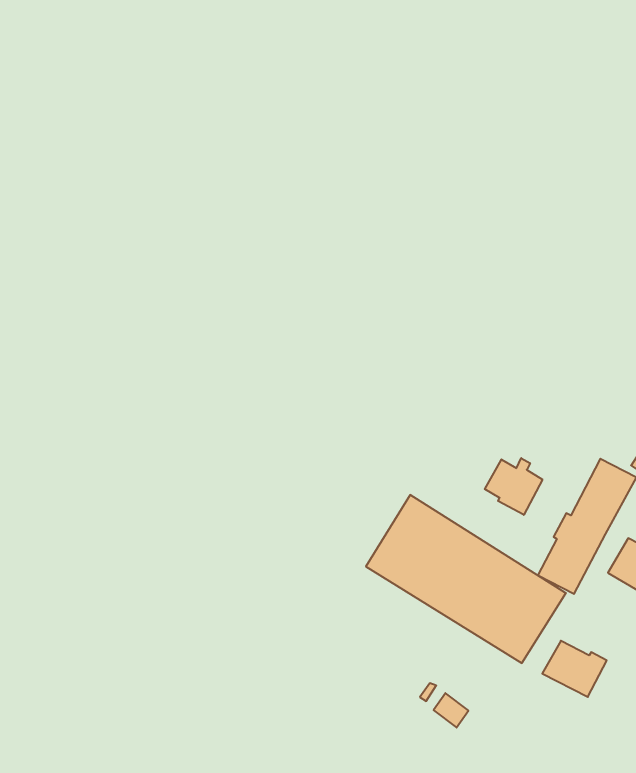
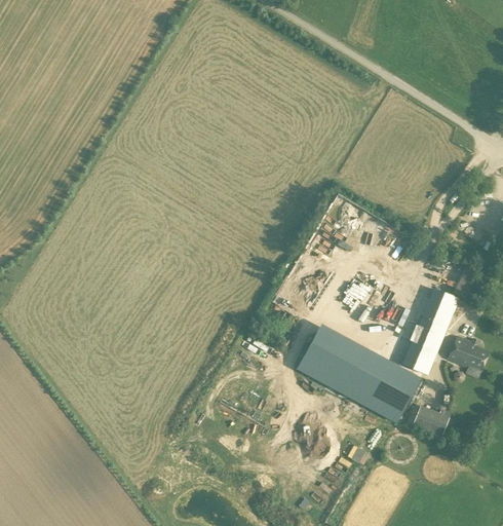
building: [485,458,542,515] -> none

